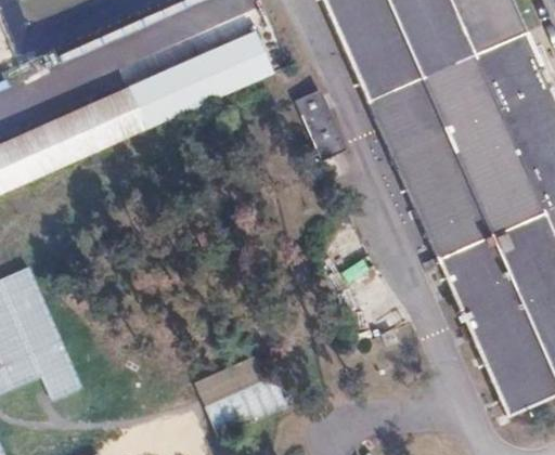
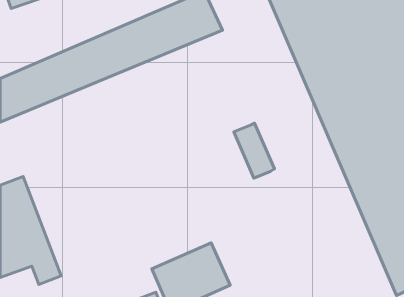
building: [299,86,350,155] -> [234,123,274,178]

